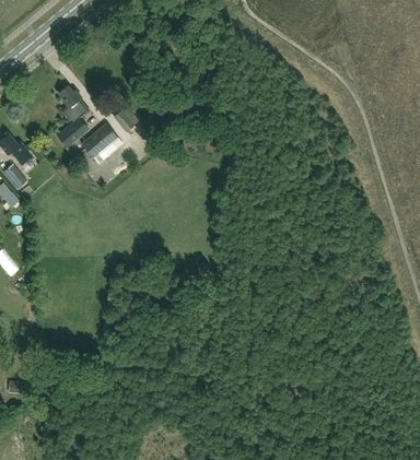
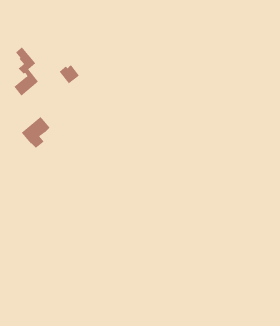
building: [81,122,118,163] -> [21,116,51,148]

